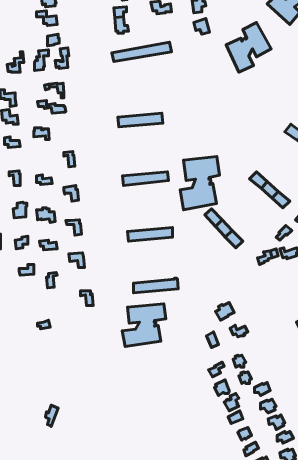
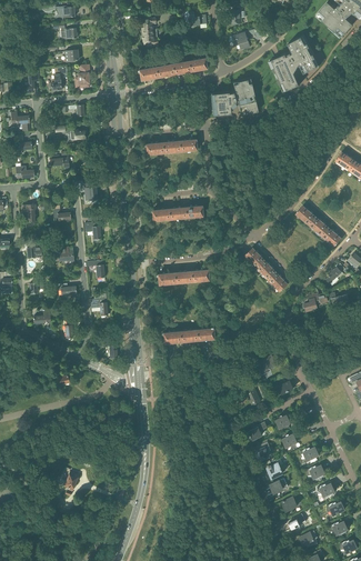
building: none -> [211,78,258,116]
building: [180,156,220,210] -> none
building: [122,304,166,346] -> none

